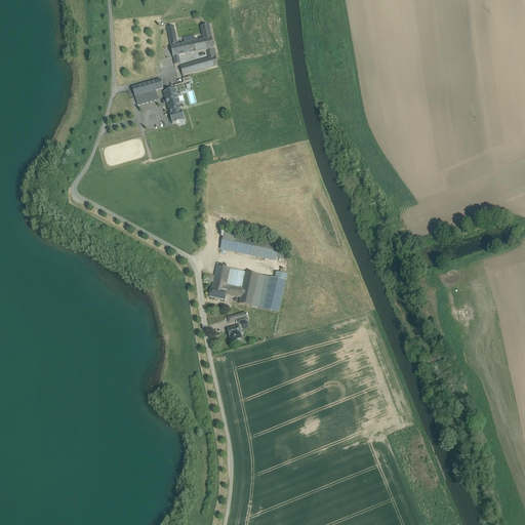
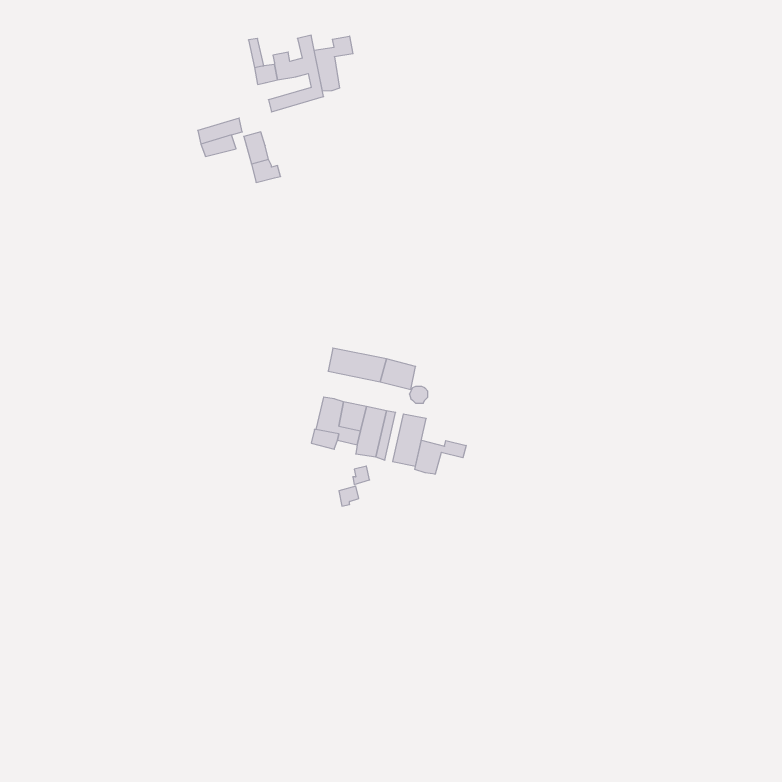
building: none -> [314,36,353,91]
building: none -> [415,440,466,474]

